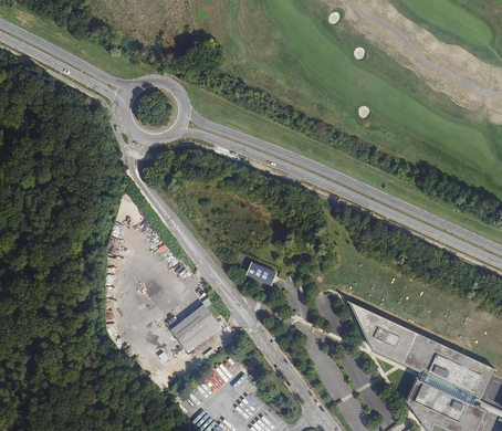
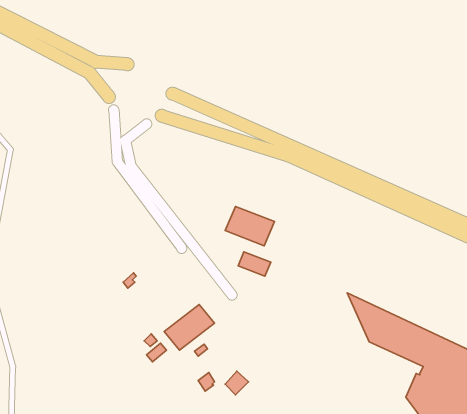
building: none -> [225,206,274,246]

